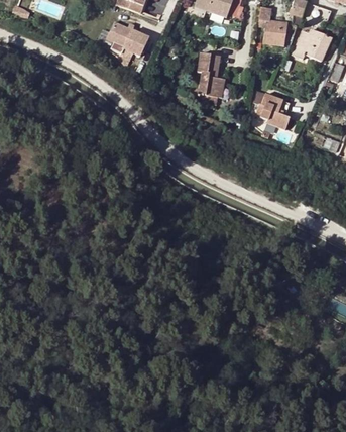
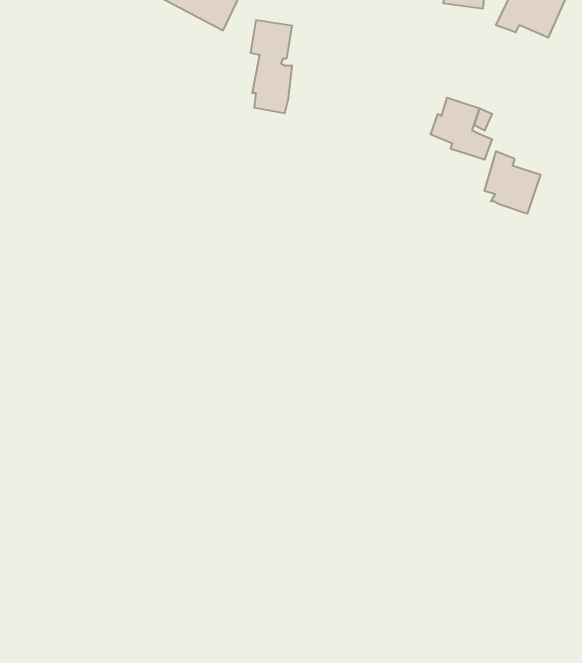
building: [198,52,221,104] -> [250,20,292,113]
building: none -> [484,151,540,214]

